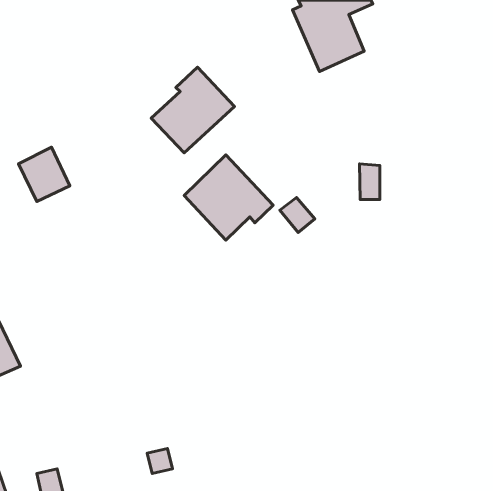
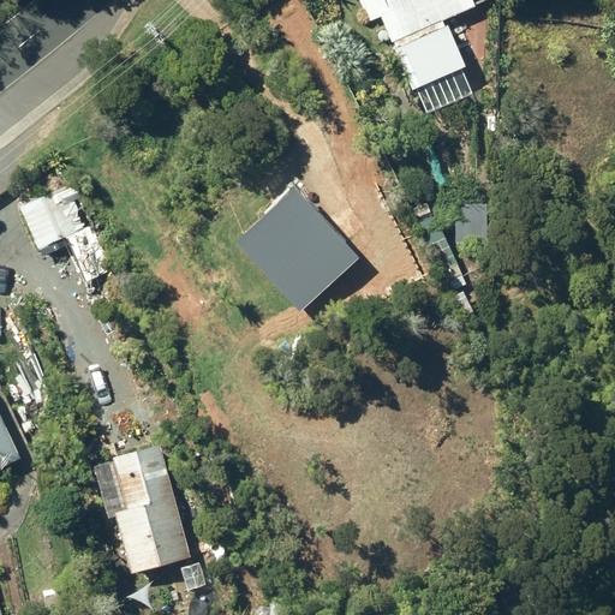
building: [151,67,234,153] -> none
building: none -> [118,443,190,571]

